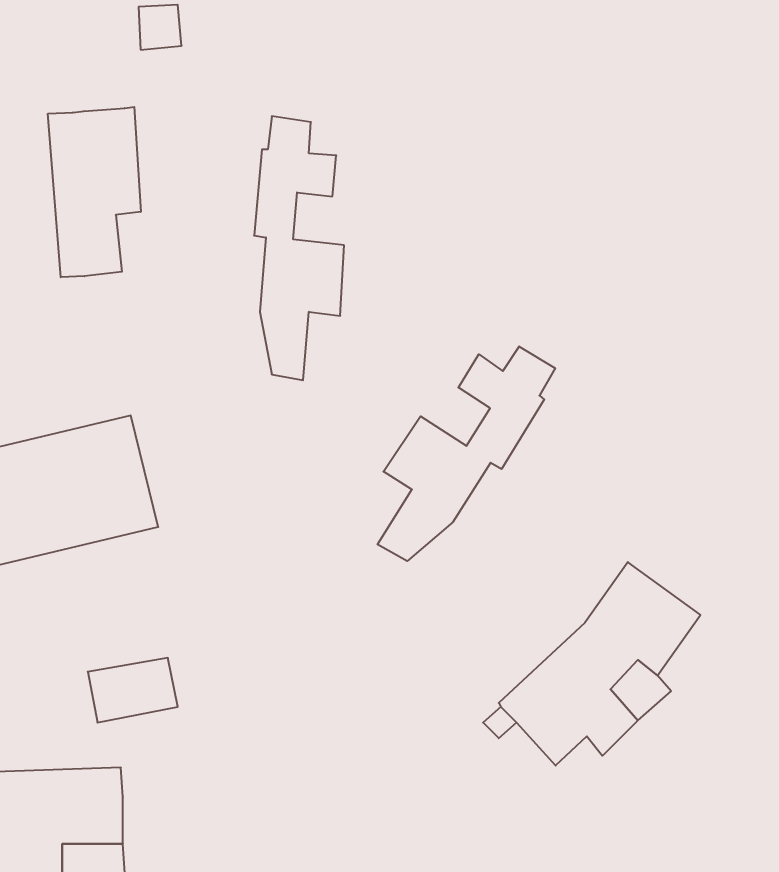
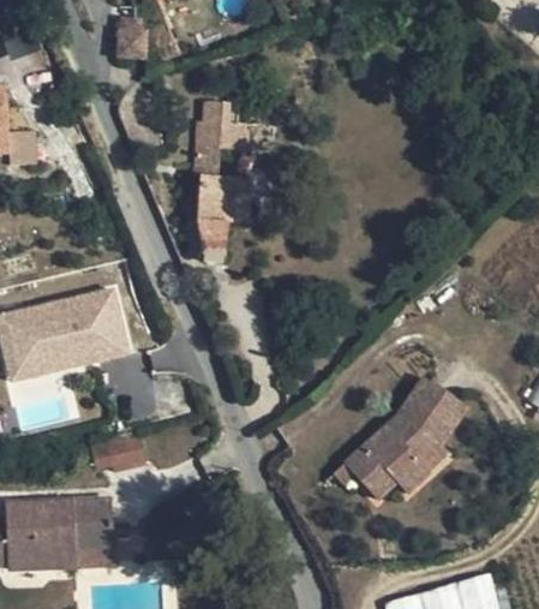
building: [48,107,141,277] -> none
building: [378,346,555,561] -> none

